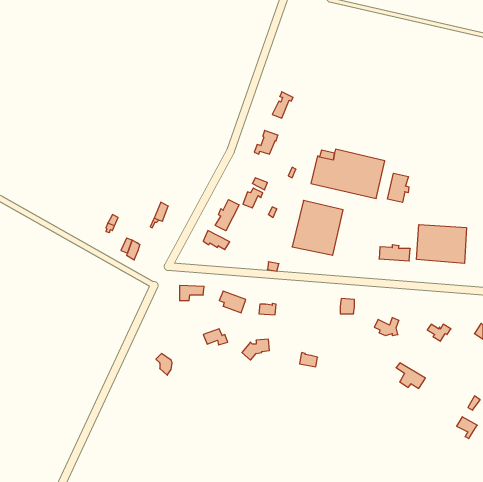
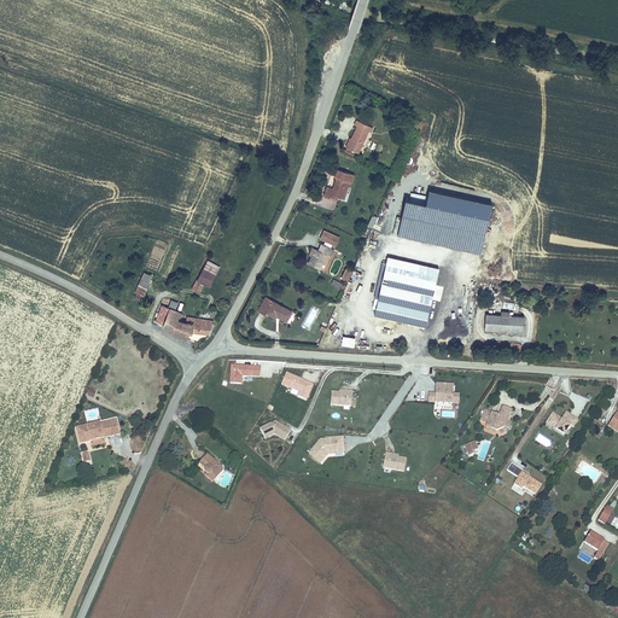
building: [388,173,409,202] -> none
building: [215,200,239,231] -> none
building: [416,225,466,263] -> none
building: none -> [171,316,212,337]
building: none -> [76,424,119,447]

